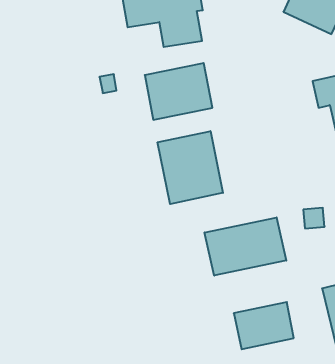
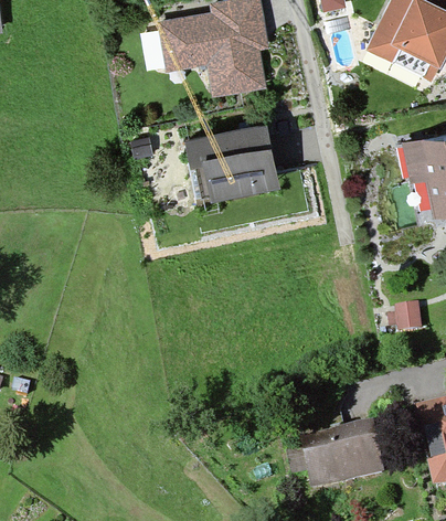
building: [158,131,223,204] -> none
building: [205,217,286,276] -> none

